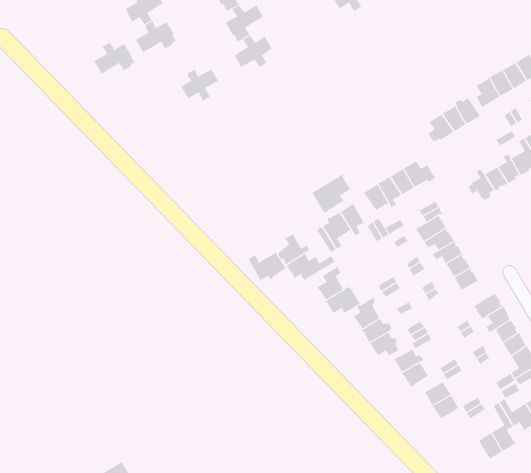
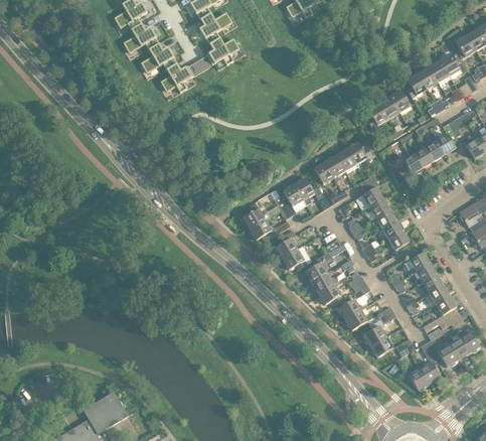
building: [93,42,135,75] -> [141,45,176,72]
building: [311,174,351,214] -> none
building: [248,252,286,281] -> none

